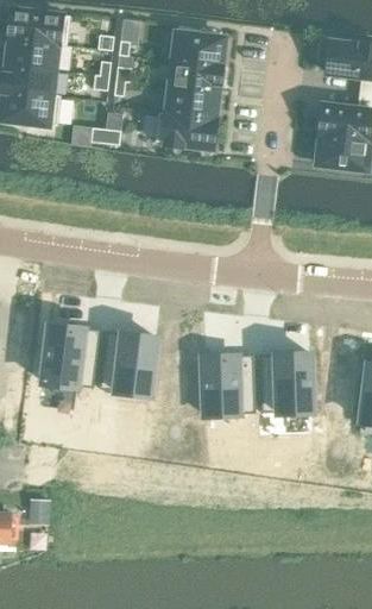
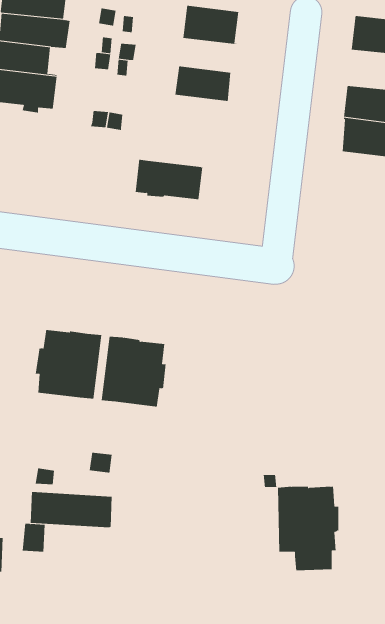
building: [169,61,221,92] -> none
building: [153,111,215,147] -> [135,159,203,200]
building: [259,352,315,428] -> [277,486,339,571]
building: [198,353,254,414] -> none
building: none -> [30,491,112,528]

